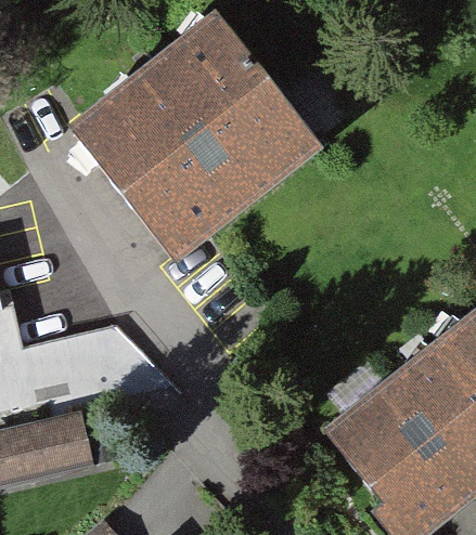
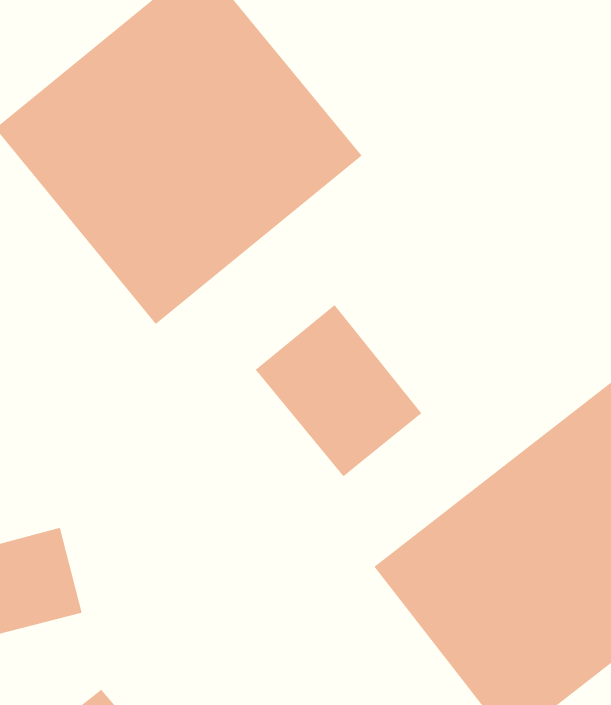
building: none -> [255,304,422,477]

